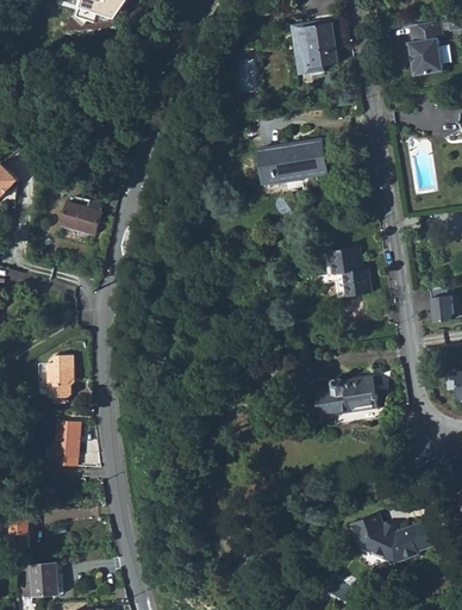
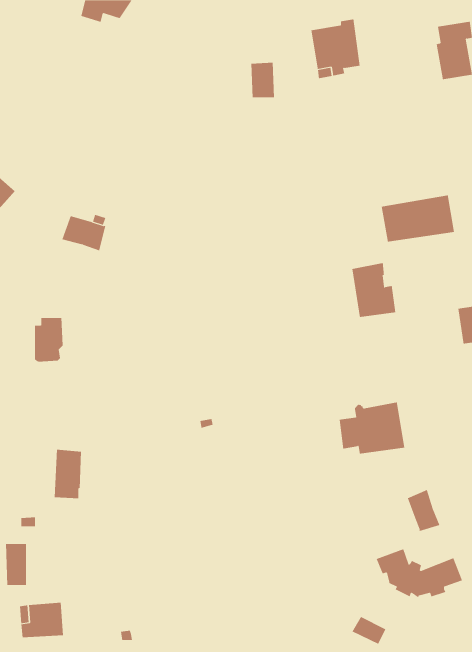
building: [257,138,326,182] -> [381,195,455,242]
building: [45,355,73,397] -> [34,317,63,362]
building: none -> [407,489,440,532]

